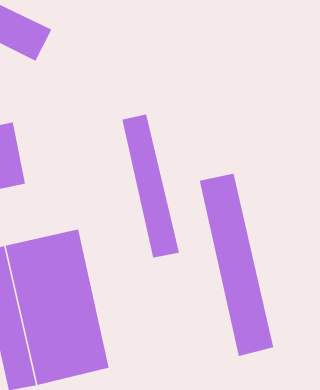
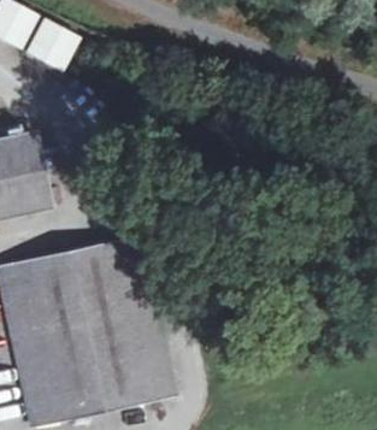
building: [121,114,180,258] -> [110,246,173,404]
building: [199,173,274,357] -> none

